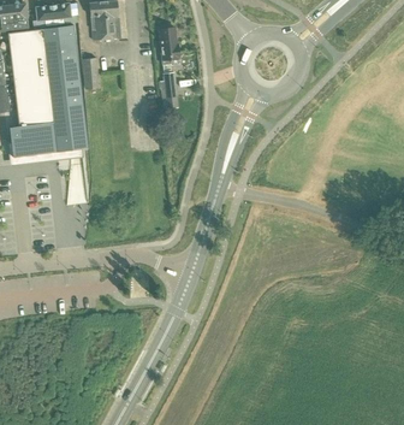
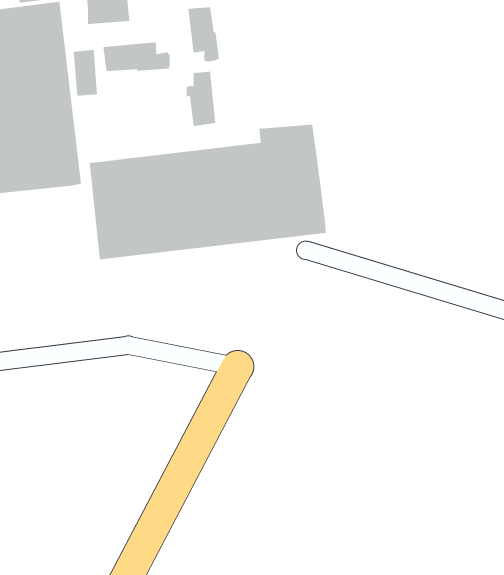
building: none -> [103,42,170,72]
building: none -> [89,124,326,260]

